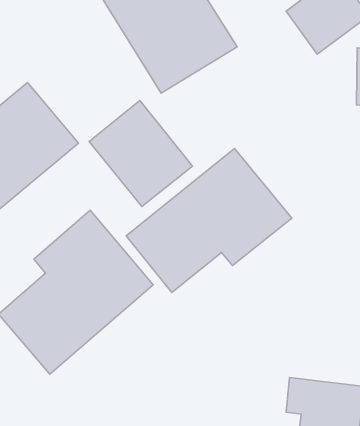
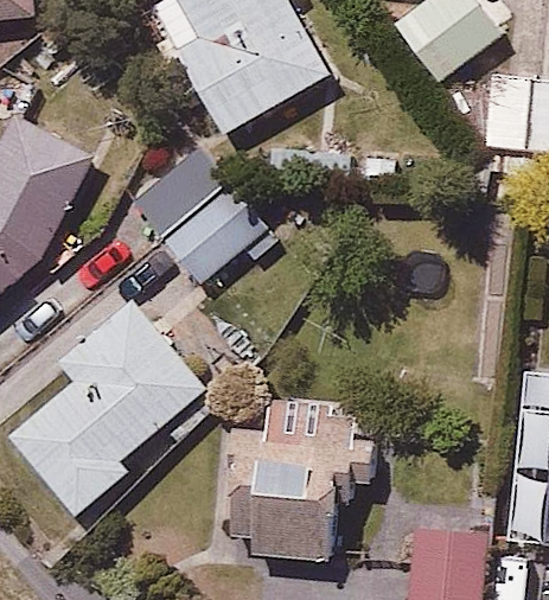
building: [126,149,292,292] -> none
building: none -> [221,391,381,555]

